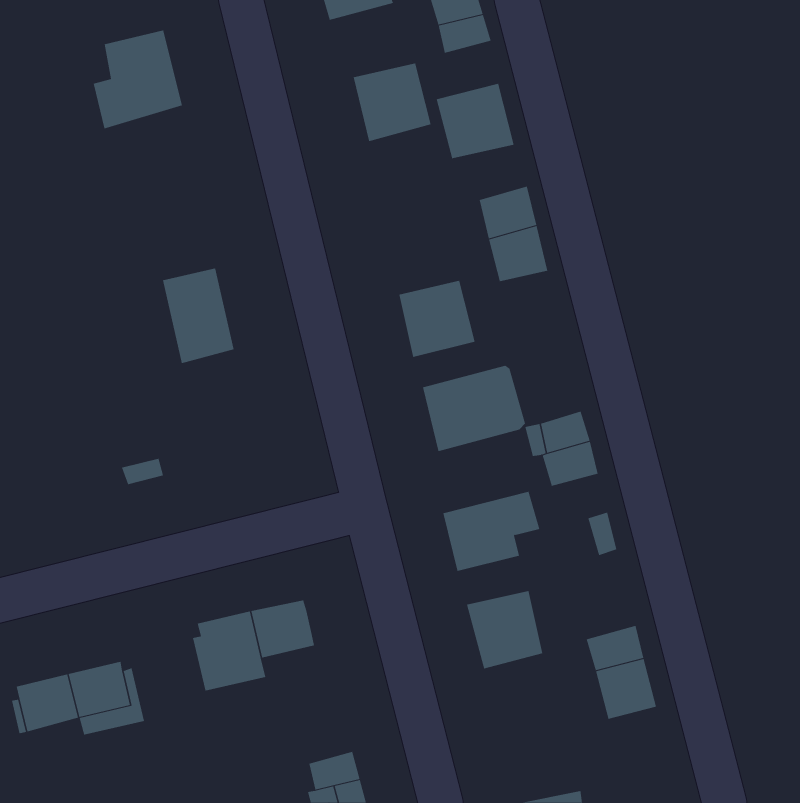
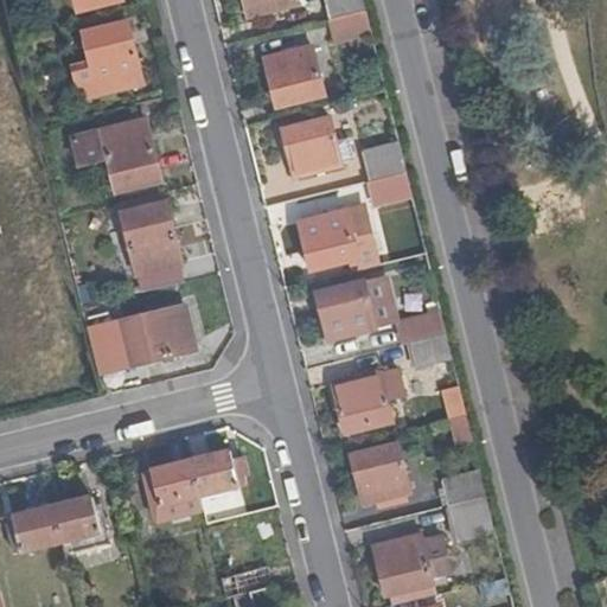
building: [436,83,515,159] -> [282,117,341,174]
building: none -> [69,119,156,189]
building: none -> [124,301,196,362]
building: none -> [373,536,451,594]

